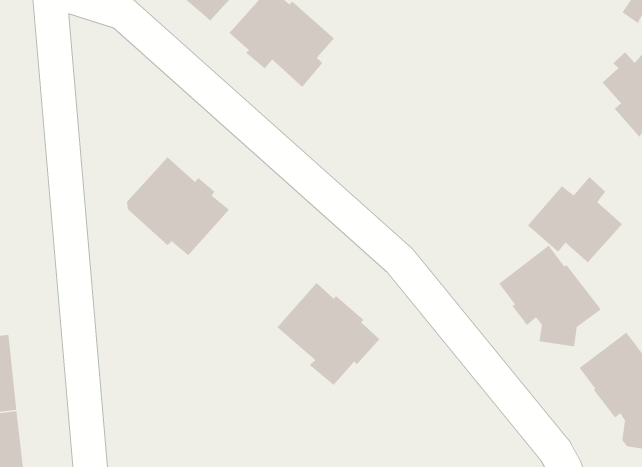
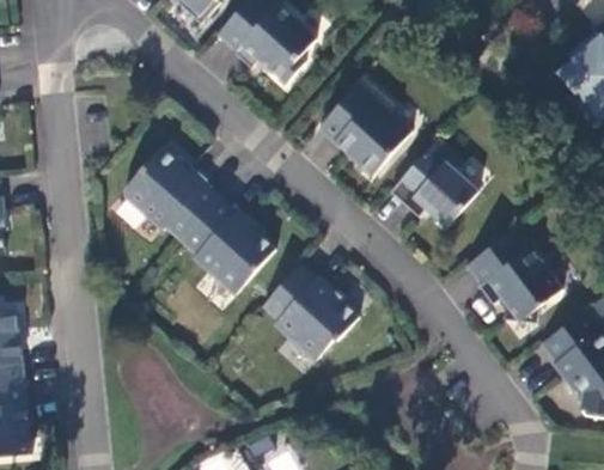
building: none -> [318,78,411,175]
building: [527,176,623,263] -> [390,146,478,226]
building: none -> [181,196,275,294]

